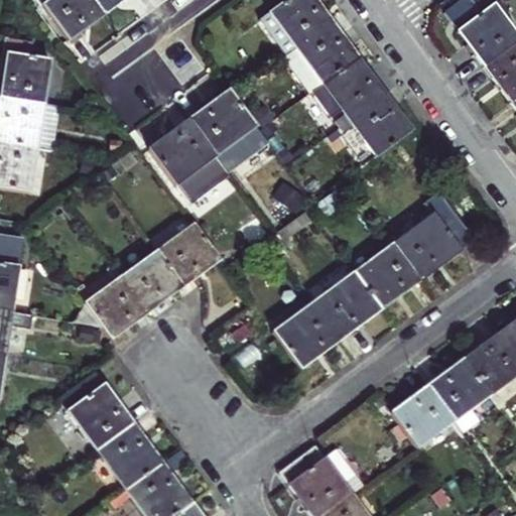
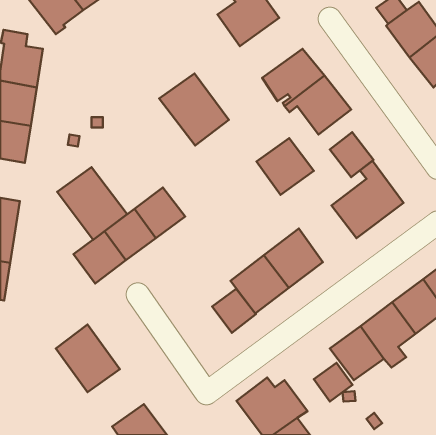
building: [284,21,358,92] -> none
building: [149,116,232,202] -> [57,167,127,240]
building: none -> [330,132,373,177]
building: [354,242,421,308] -> [256,138,314,195]
building: none -> [212,289,256,333]
building: none -> [314,363,353,401]
building: [105,434,171,502] -> none

